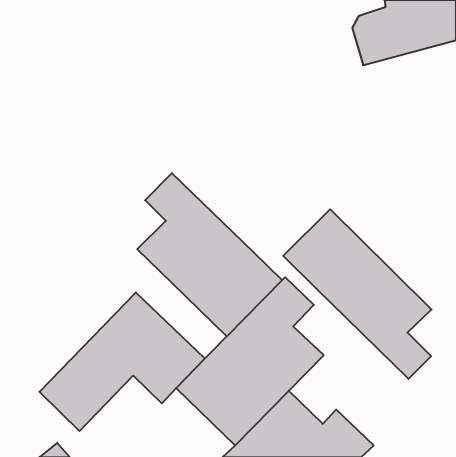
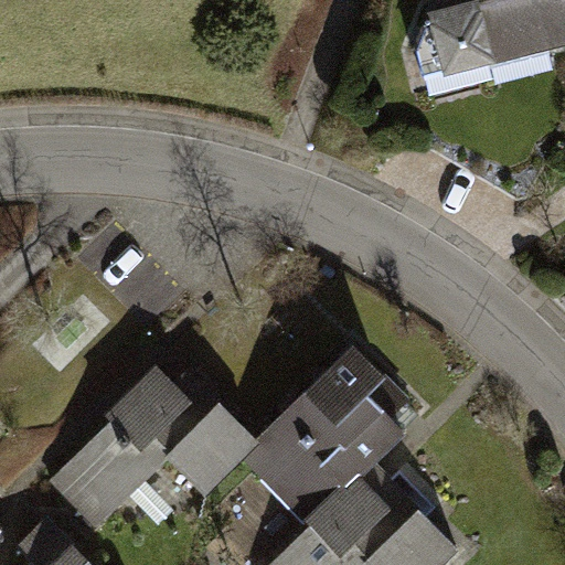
building: [137,173,282,336] -> none
building: [283,209,432,379] -> none

